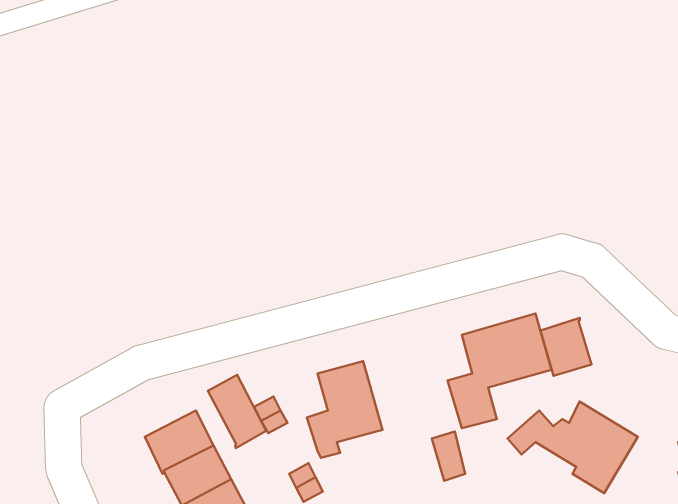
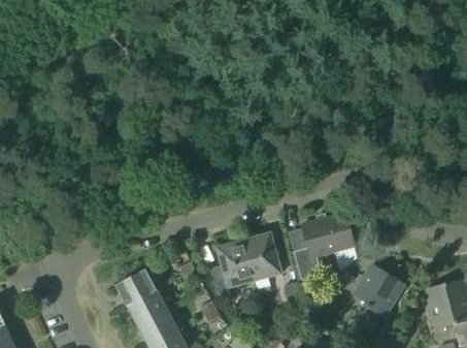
building: [540,318,592,376] -> none
building: none -> [243,232,280,280]
building: [208,375,266,448] -> none

